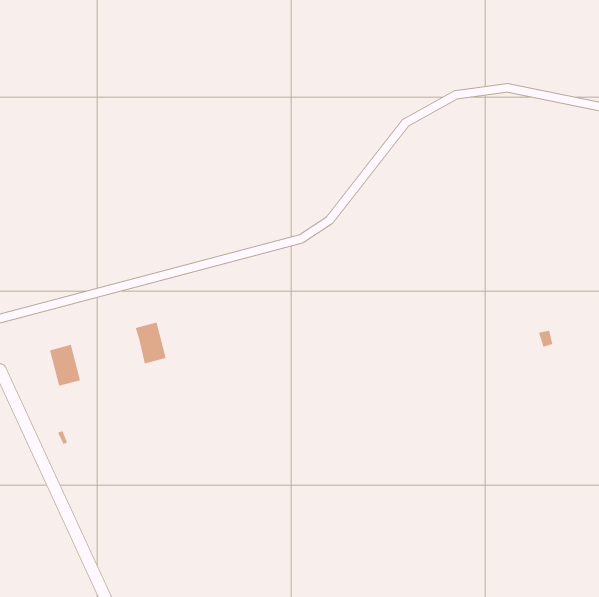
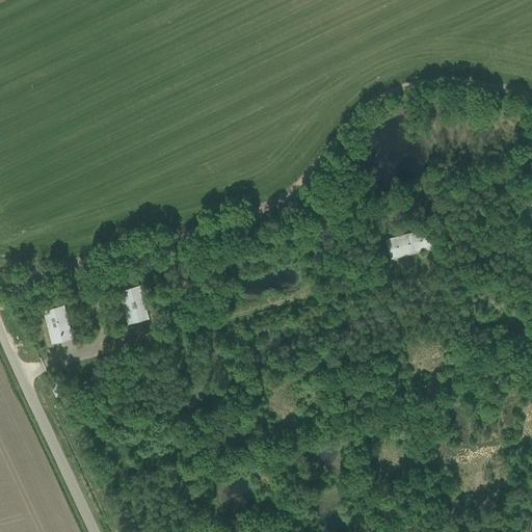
building: none -> [385,229,431,260]

